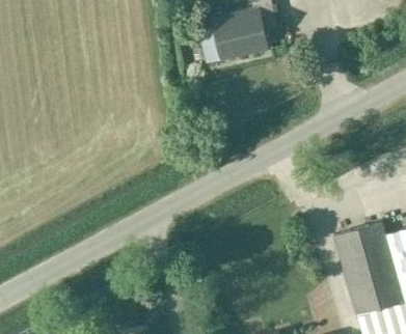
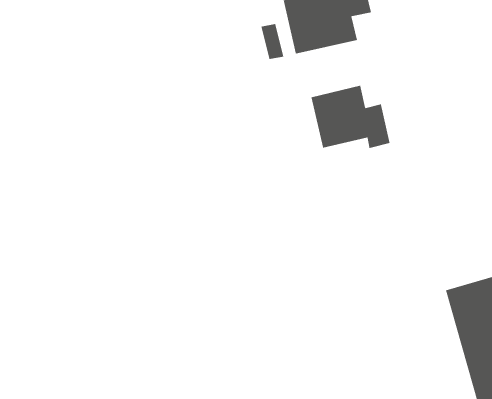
building: none -> [311,85,390,149]

